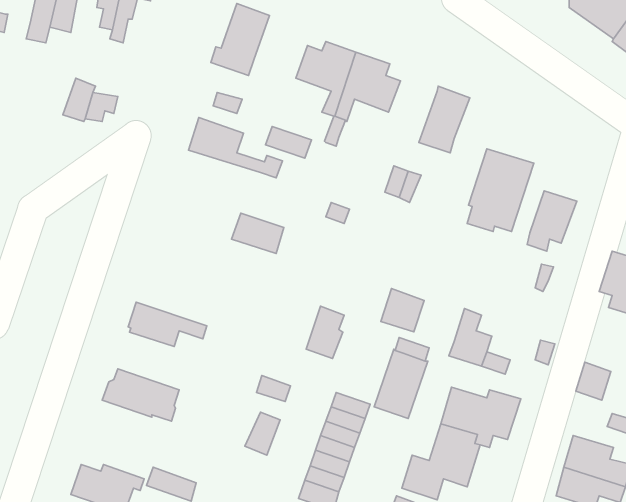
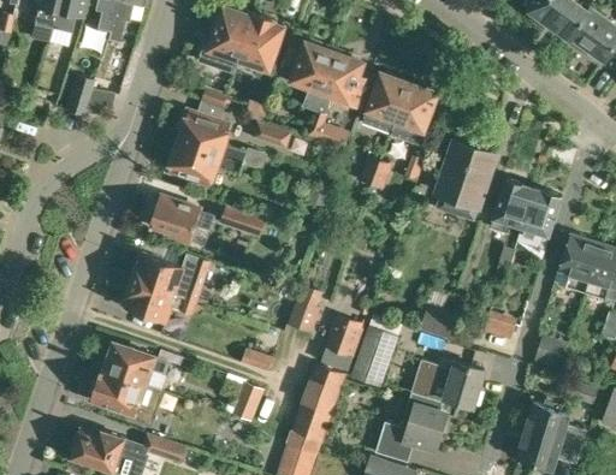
building: none -> [238,13,285,70]
building: none -> [361,72,408,135]
building: none -> [167,142,244,185]
building: none -> [521,189,561,247]
building: none -> [149,197,214,243]
building: none -> [130,253,209,303]
building: [381,289,424,332] -> [324,319,363,358]
building: none -> [89,372,164,424]

